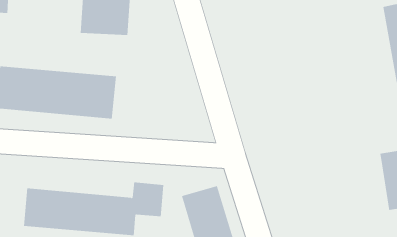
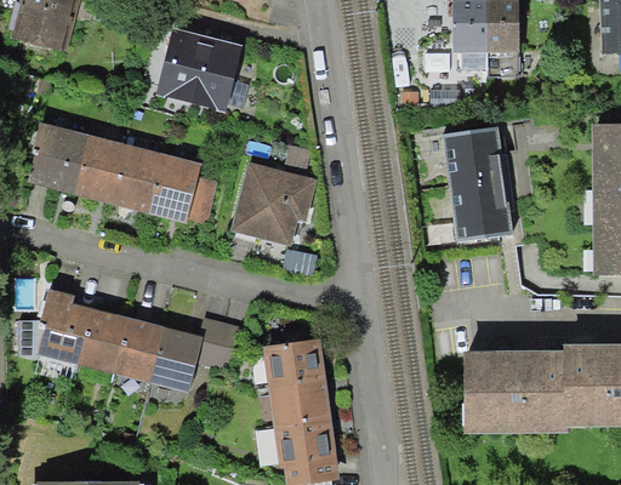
building: none -> [444,129,515,244]
building: none -> [234,162,318,244]
building: none -> [455,341,556,422]

